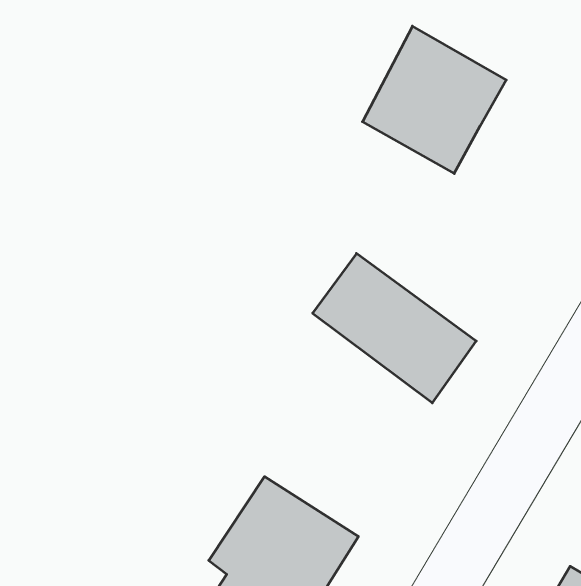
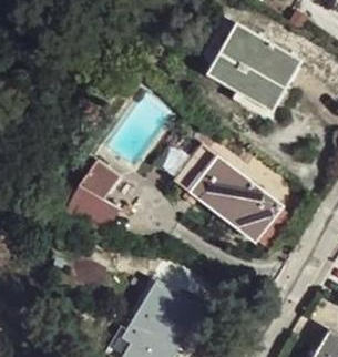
building: none -> [74,159,126,211]

